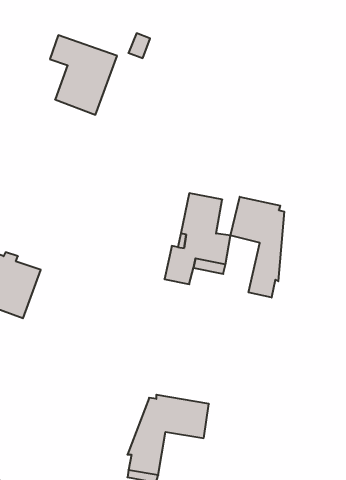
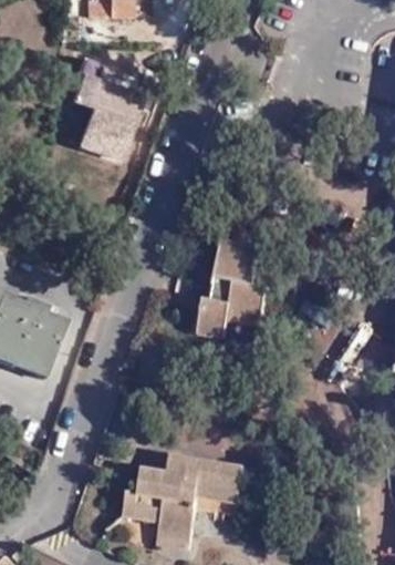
building: [231,197,284,298] -> none
building: none -> [123,452,180,518]

